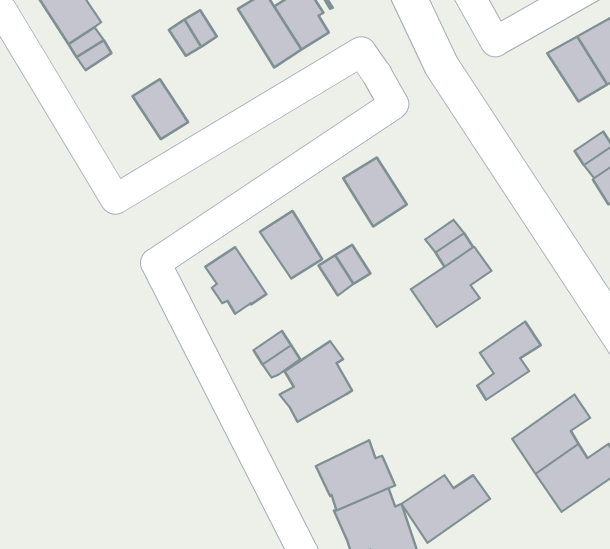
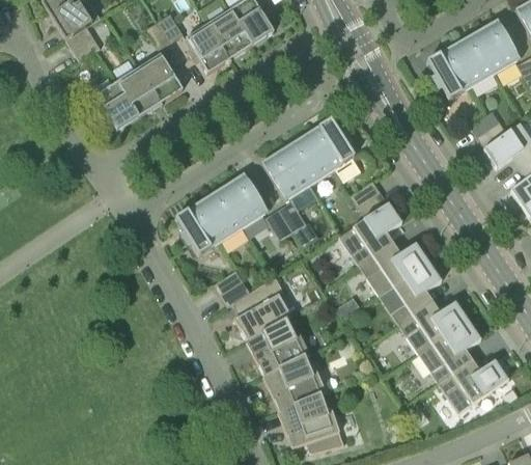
building: none -> [186,24,230,74]
building: none -> [427,48,473,99]
building: none -> [139,54,184,103]
building: none -> [95,82,140,131]
building: none -> [312,119,355,168]
building: none -> [262,147,309,200]
building: none -> [199,190,244,240]
building: none -> [360,243,430,296]
building: none -> [247,320,311,376]
building: [402,475,490,543] -> [399,301,470,355]

